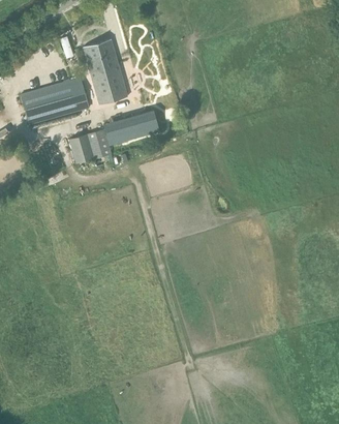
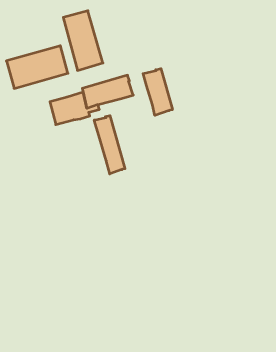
building: none -> [143,69,172,115]
building: none -> [94,116,125,174]

